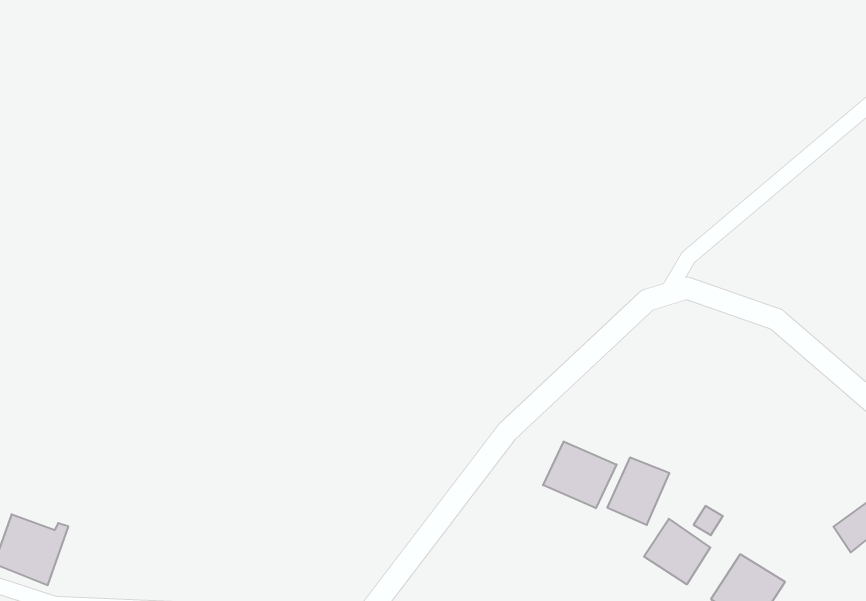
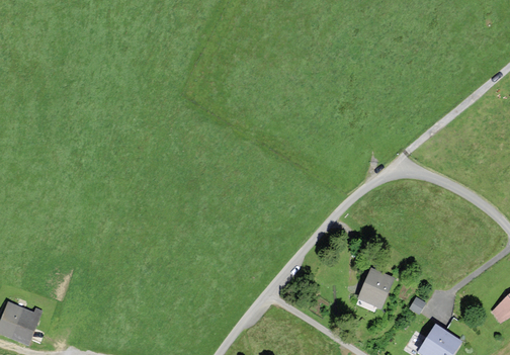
building: [543,441,617,508] -> none
building: [644,519,710,584] -> none

